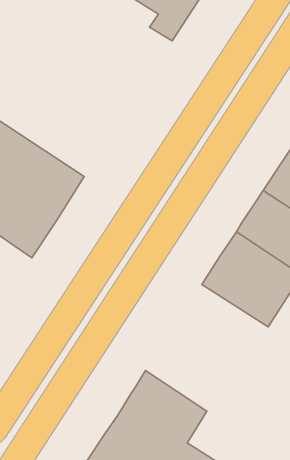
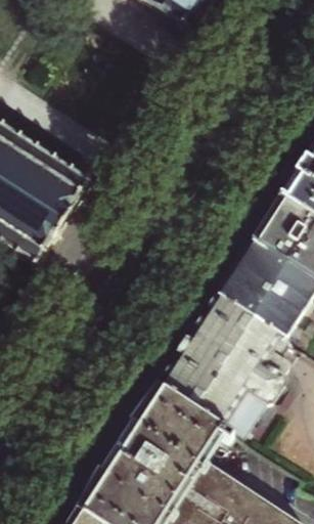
building: none -> [159,298,290,442]

